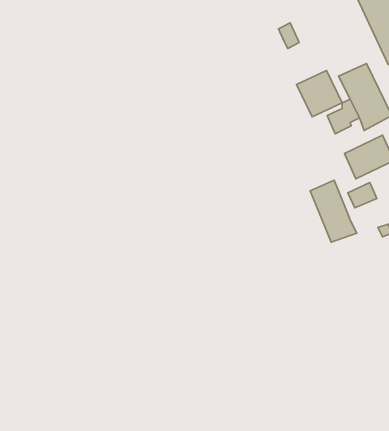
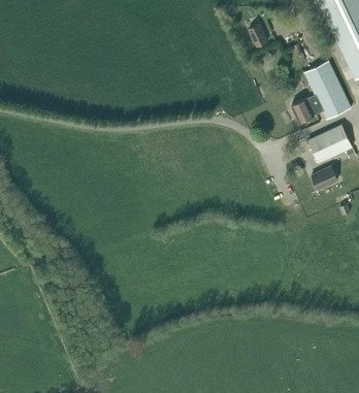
building: [296,71,342,117] -> none
building: [310,180,357,242] -> none

